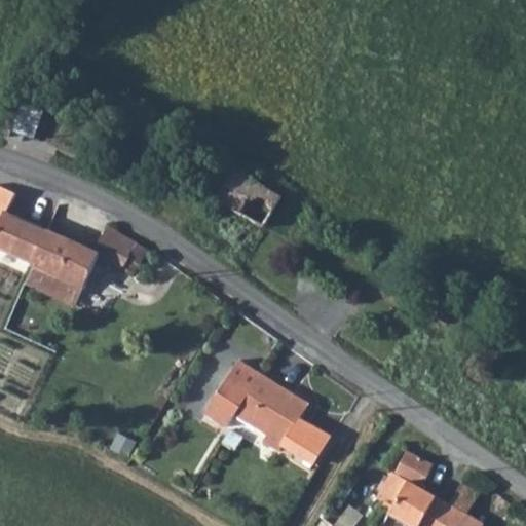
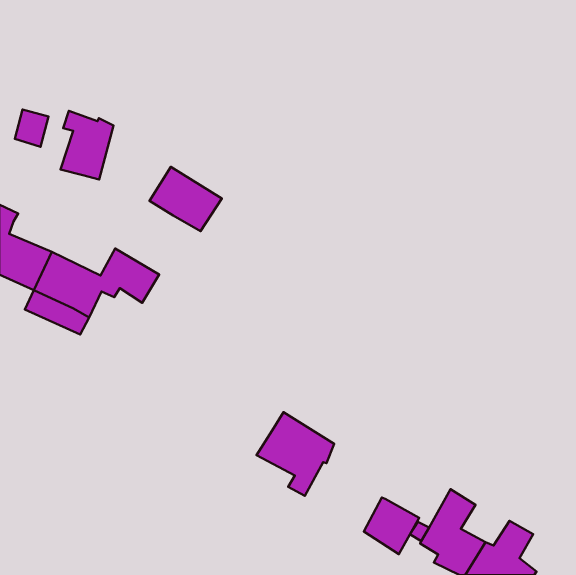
building: none -> [61,111,114,180]
building: [215,170,280,228] -> [150,167,222,231]
building: [204,380,248,427] -> none
building: [277,420,328,472] -> [364,498,419,554]

